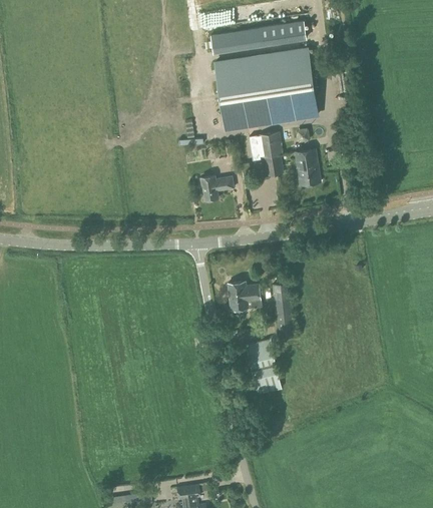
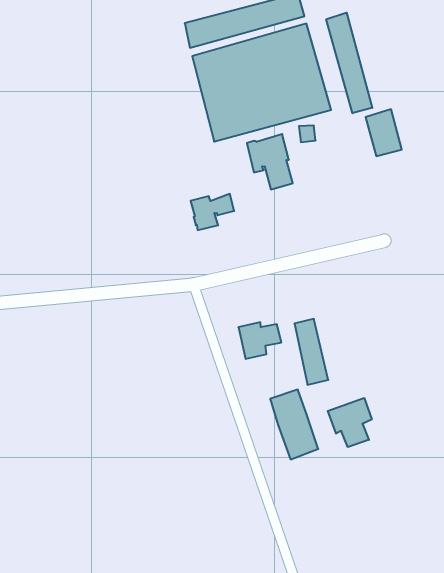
building: none -> [326,13,372,113]
building: [294,148,320,184] -> [366,109,402,156]
building: none -> [328,398,372,447]

